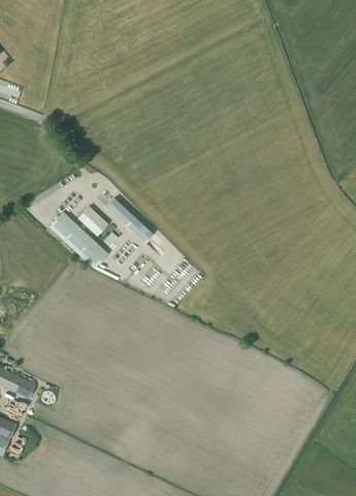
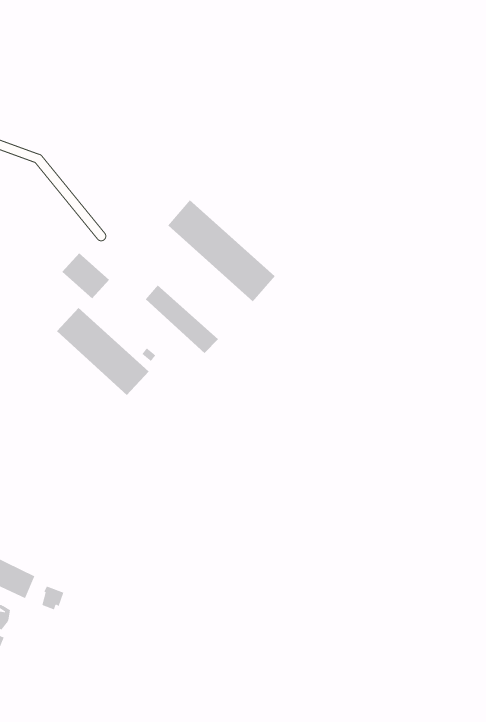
building: none -> [167,200,275,302]
building: [78,206,109,236] -> [61,253,110,299]

